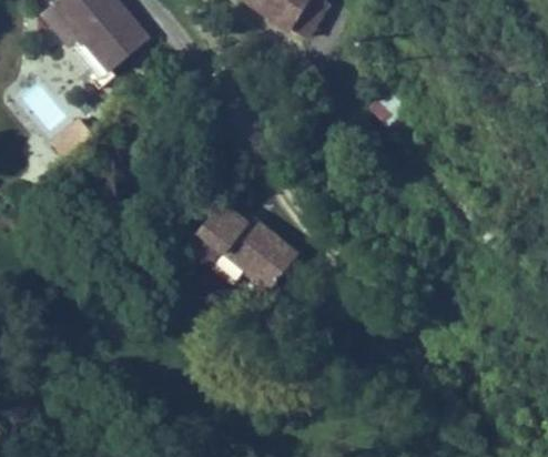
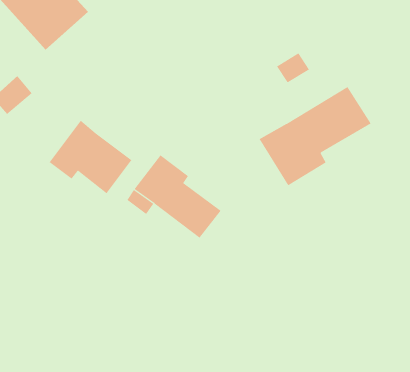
building: none -> [259,86,371,186]
building: none -> [49,120,132,194]

